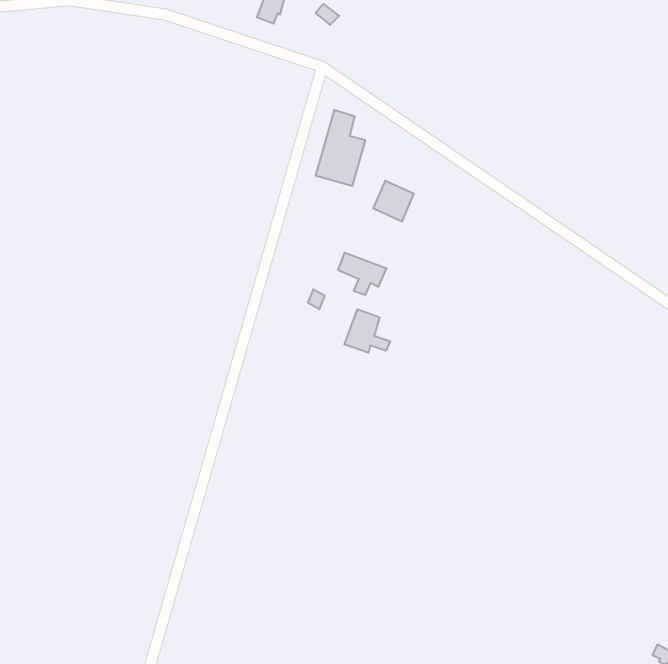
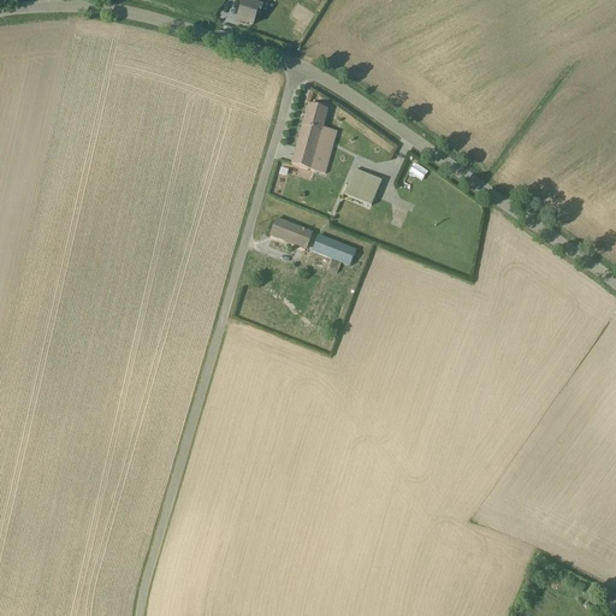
building: none -> [271,215,313,245]
building: [344,309,390,353] -> none

